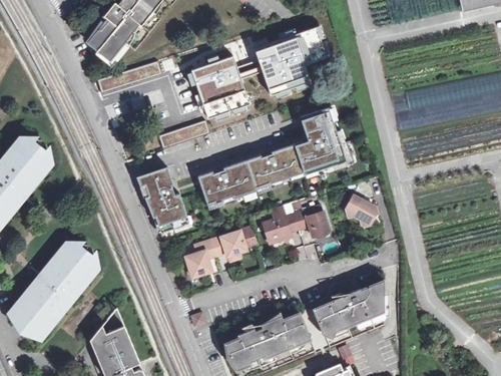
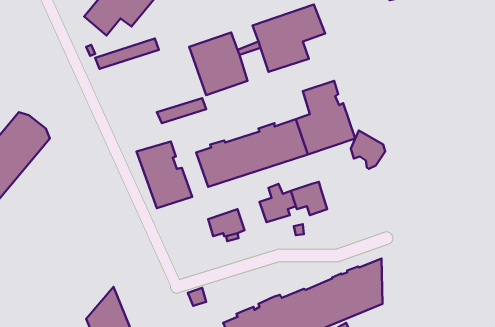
building: [346,190,380,228] -> [351,130,385,169]
building: [7,240,98,338] -> none
building: [183,241,214,280] -> none

